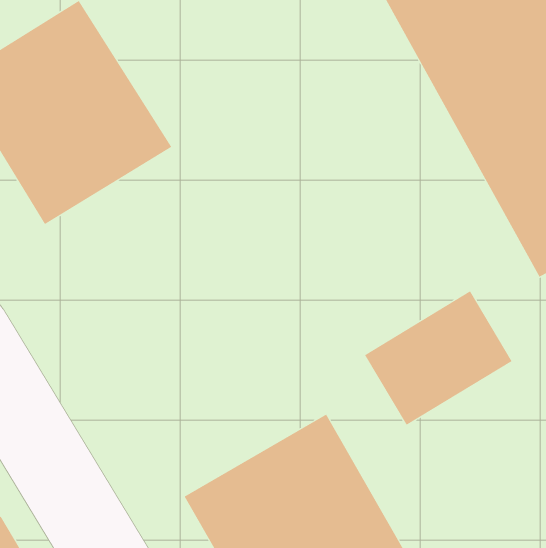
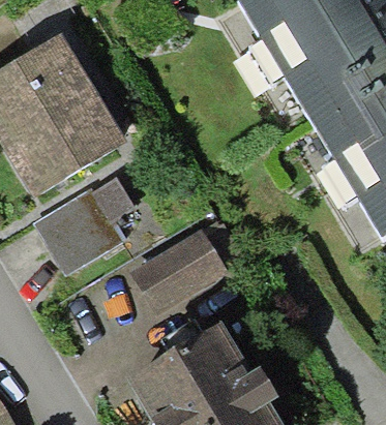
building: none -> [32,179,129,275]
building: [364,291,513,426] -> [133,212,236,305]

